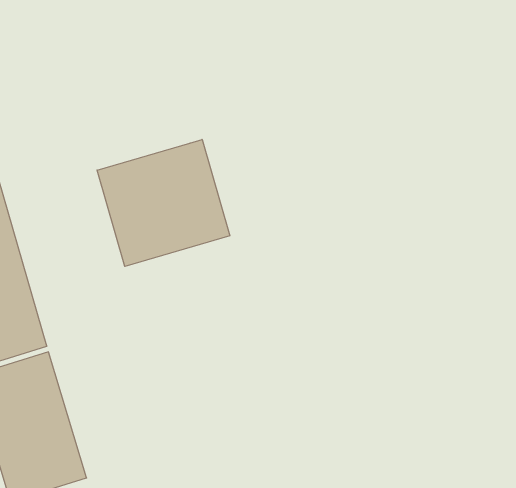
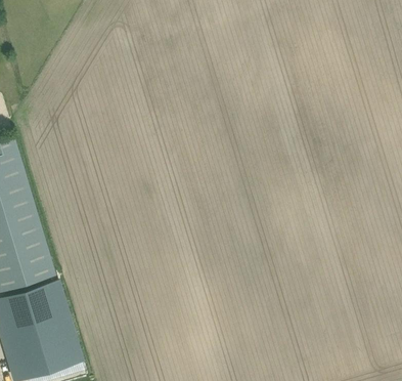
building: [97,139,230,266] -> none

